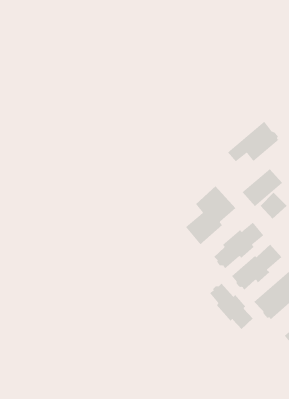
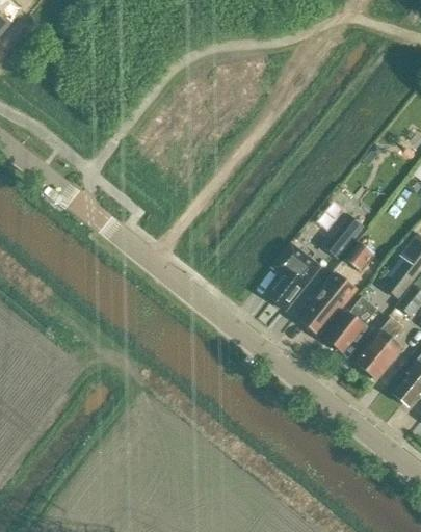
building: [227,121,280,162] -> none
building: [209,283,253,330] -> none

